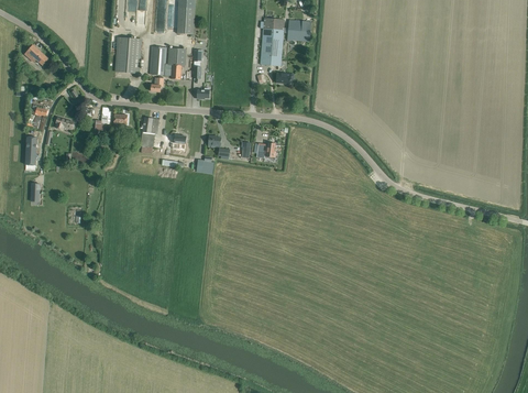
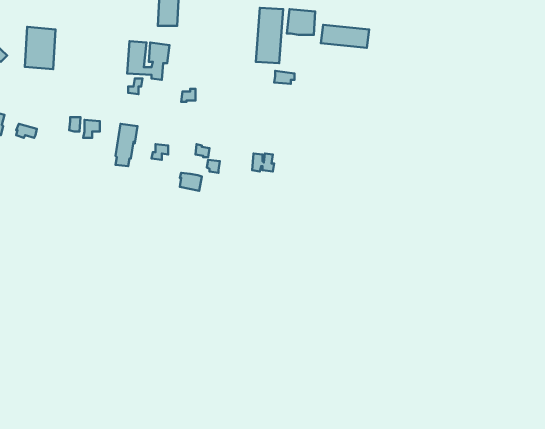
building: none -> [321,25,369,48]
building: [114,36,141,73] -> [25,27,56,69]

